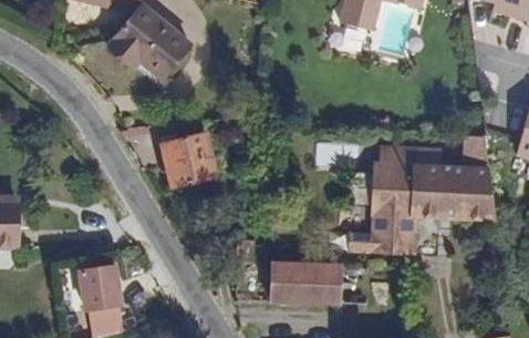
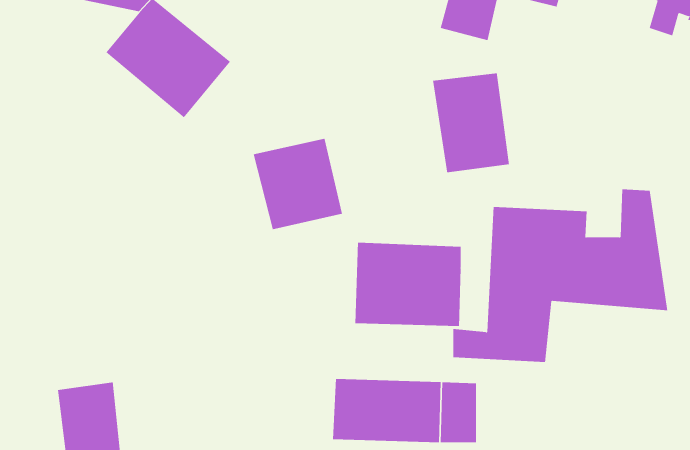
building: none -> [433,73,509,173]
building: [156,132,218,195] -> [253,138,343,230]
building: none -> [355,242,461,327]

